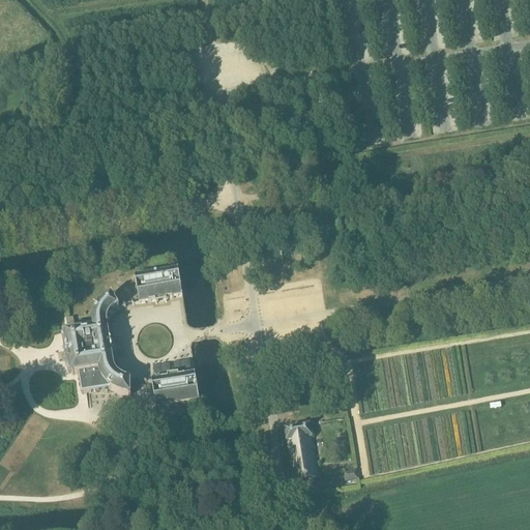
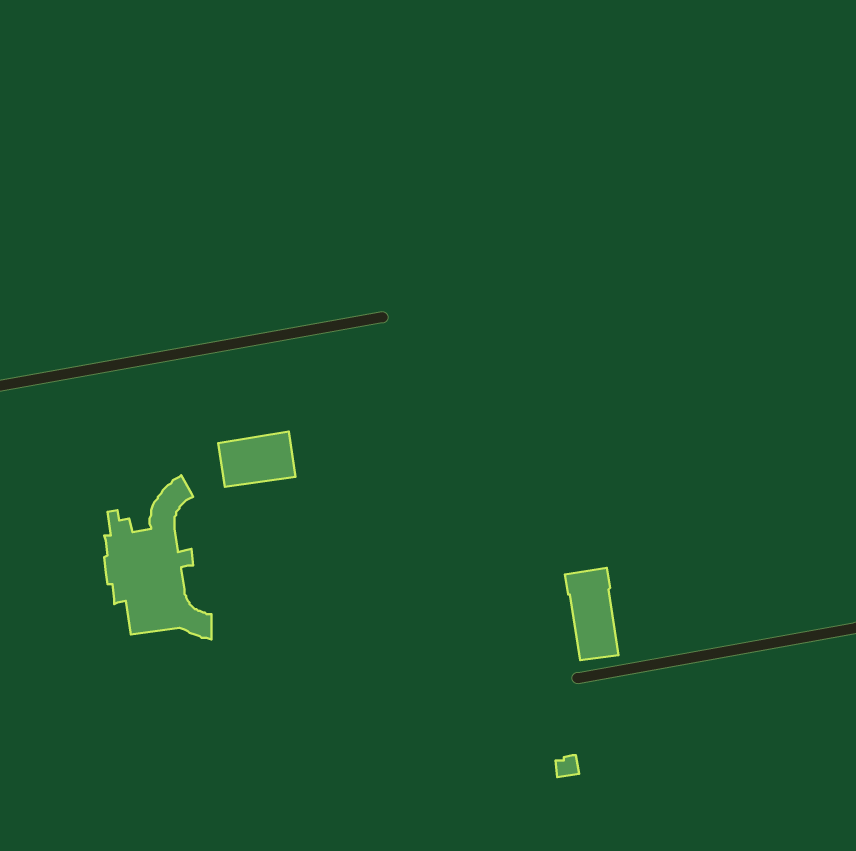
building: [151,371,199,405] -> none
building: [284,421,317,478] -> [565,568,619,660]

